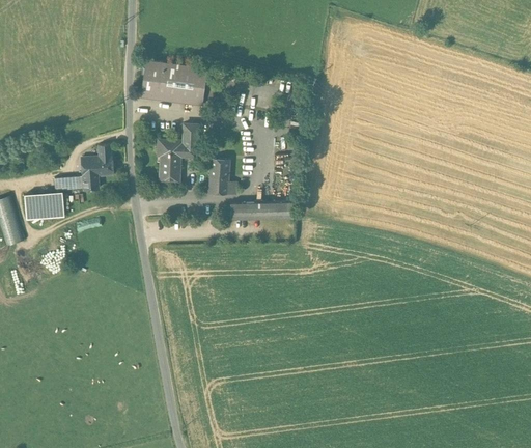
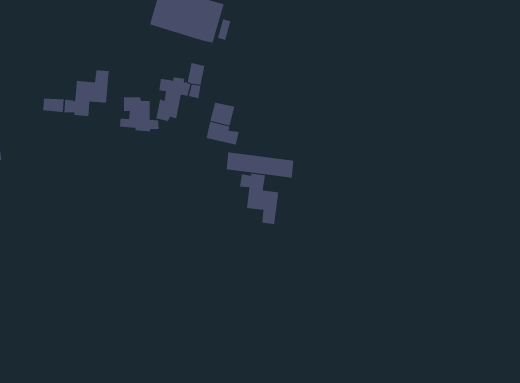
building: none -> [120,96,159,132]
building: [24,192,63,220] -> none
building: none -> [239,173,279,225]

